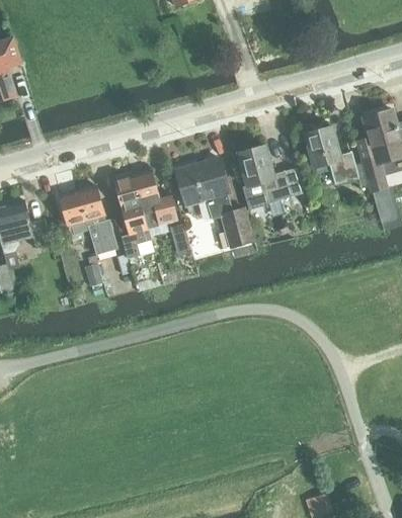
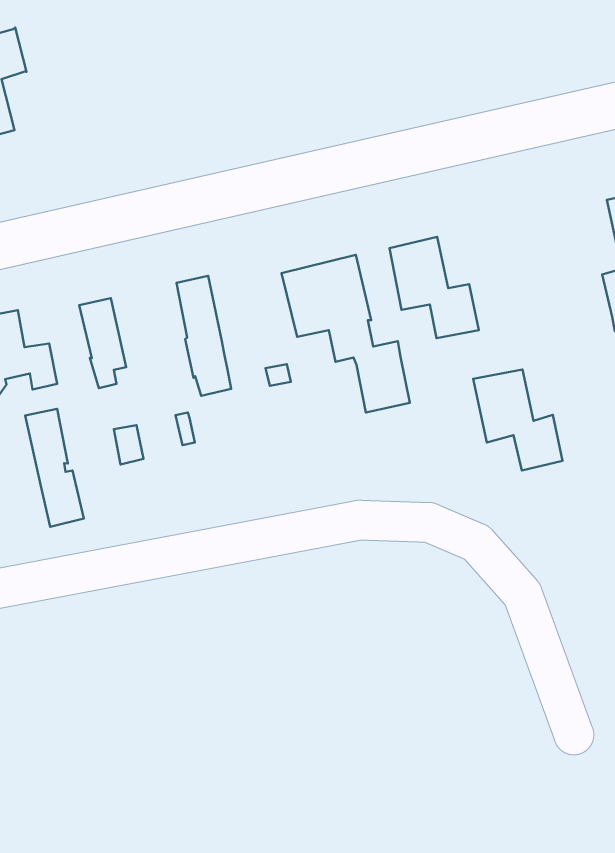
building: [304,125,358,184] -> [473,370,562,471]
building: [134,169,177,226] -> none
building: [78,185,115,254] -> [25,409,84,527]

